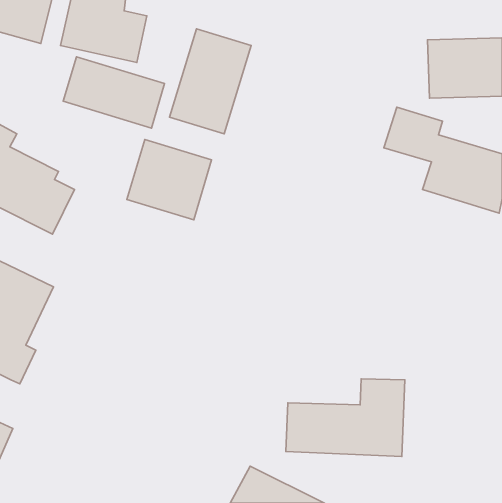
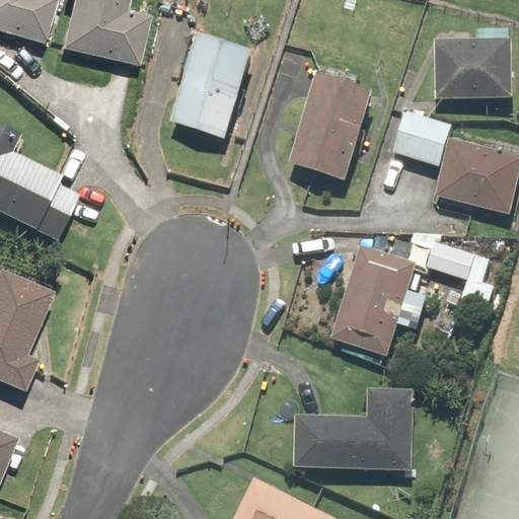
building: [63,57,165,128] -> none
building: none -> [290,73,372,179]
building: [127,140,212,220] -> none
building: none -> [329,230,493,352]

